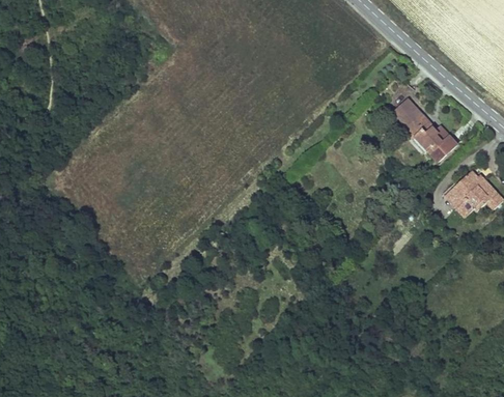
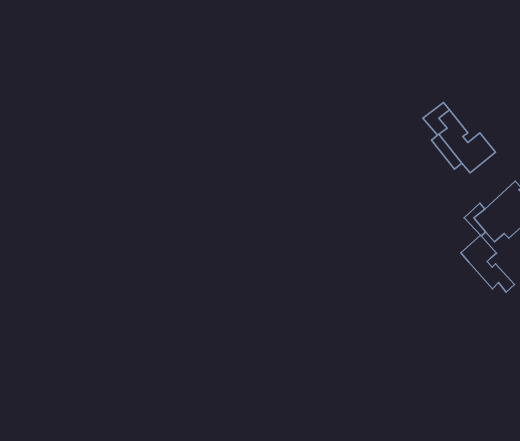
building: none -> [461,235,514,292]

